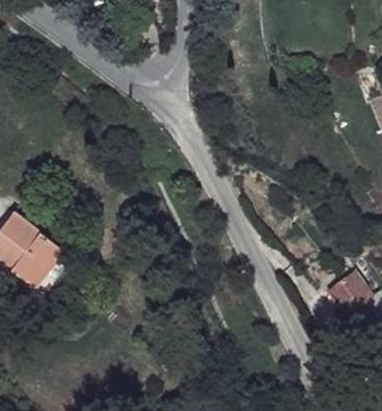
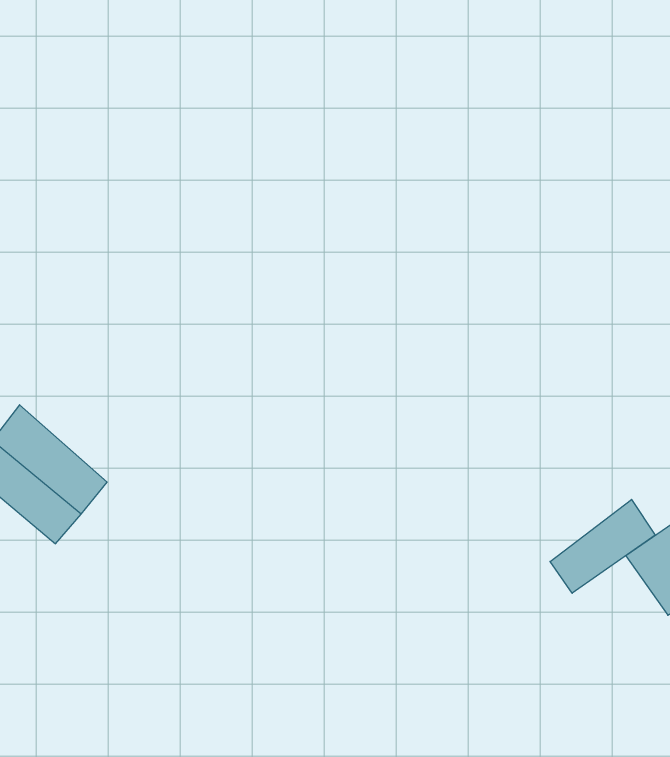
building: none -> [550,499,655,593]

